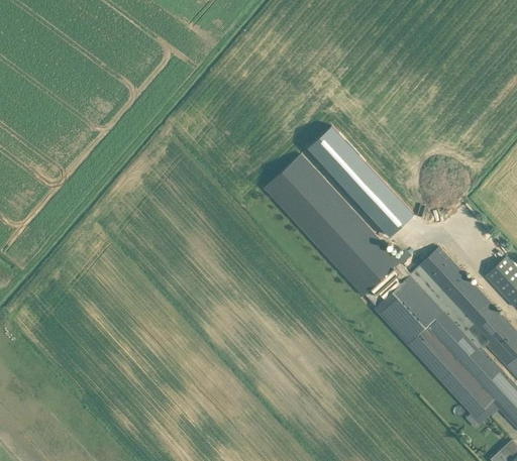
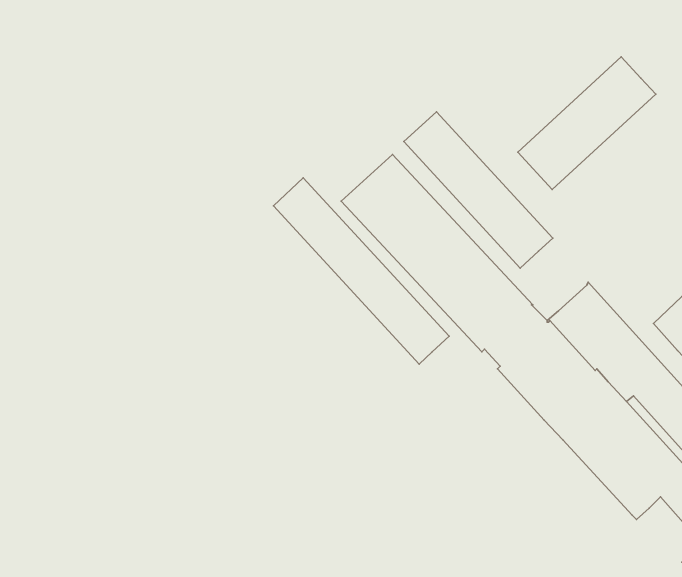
building: none -> [518,57,656,190]
building: none -> [273,178,449,364]

